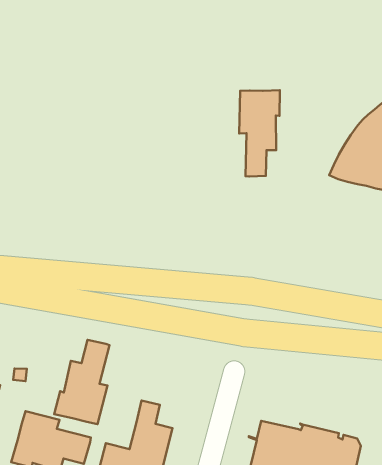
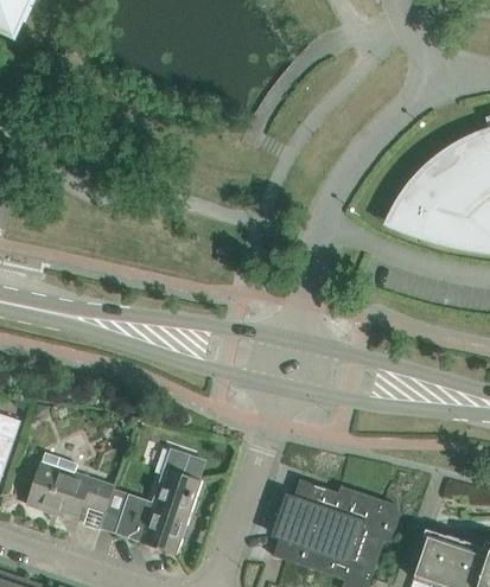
building: [239,90,280,177] -> none
building: [54,340,109,424] -> none

